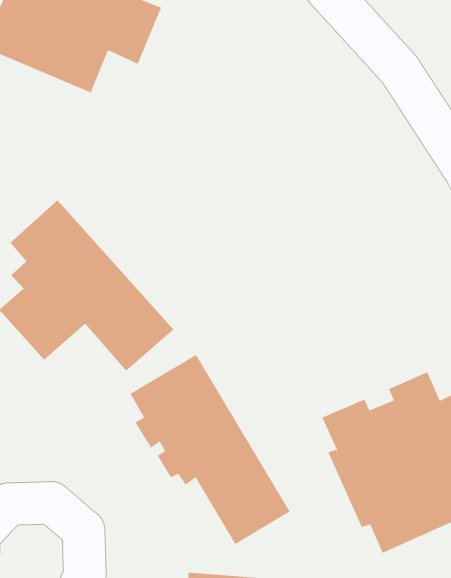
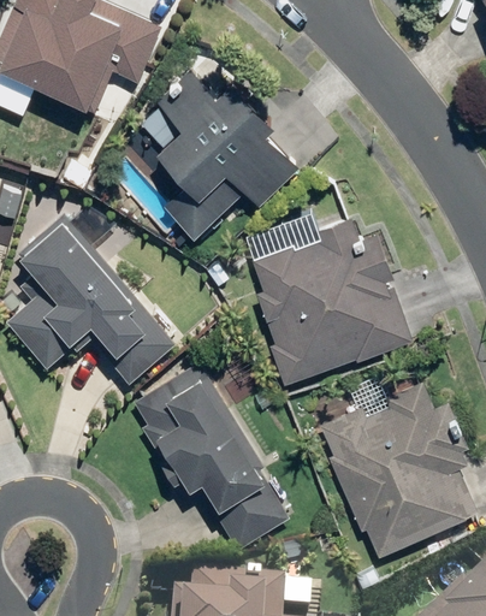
building: none -> [155,70,304,237]
building: none -> [251,218,413,381]

